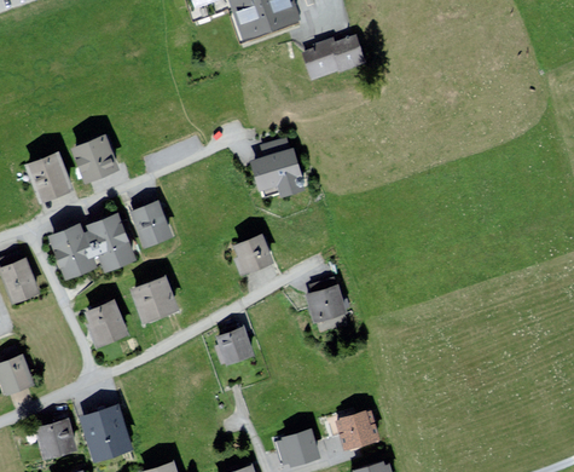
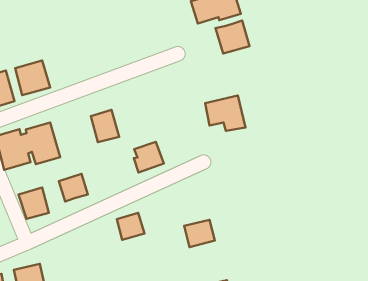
building: none -> [216,21,250,54]
building: [250,149,305,196] -> [205,96,245,131]
building: [132,203,170,247] -> [91,110,119,142]
building: [302,287,343,324] -> [184,220,215,247]

